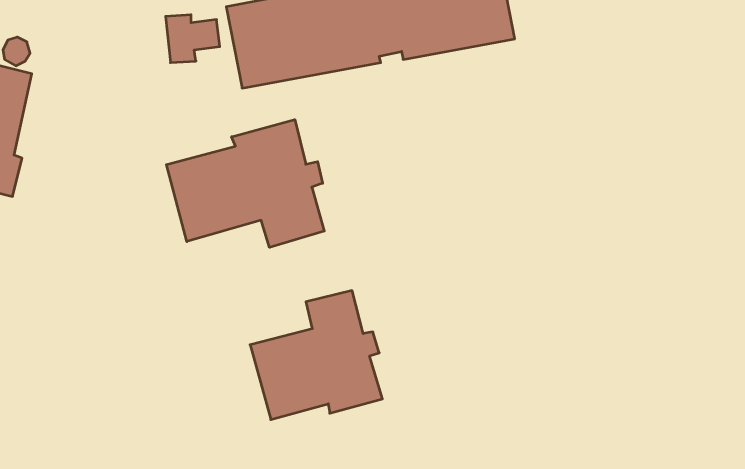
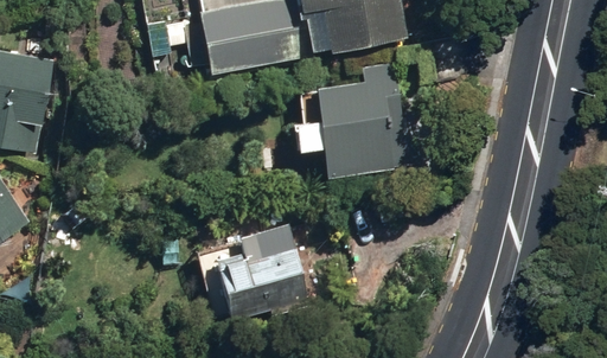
building: none -> [311,62,417,179]
building: [166,120,324,247] -> none

